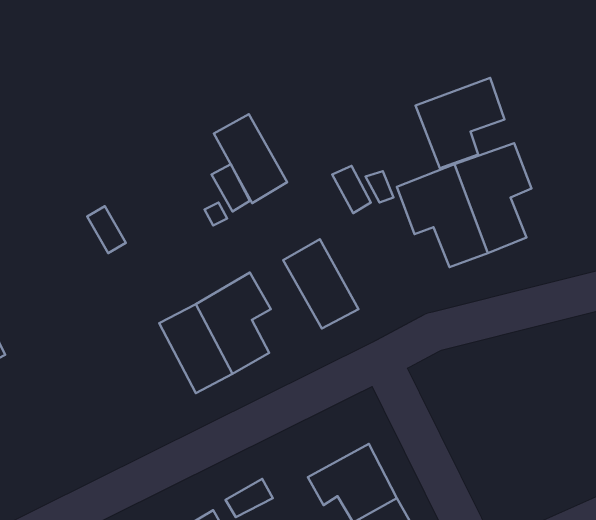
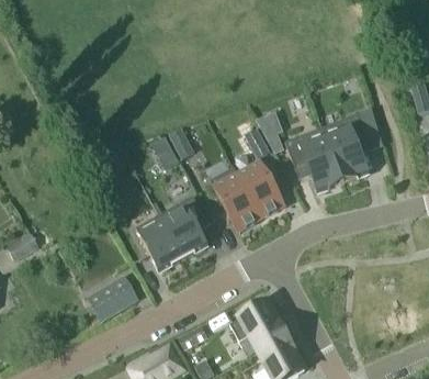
building: [416,78,505,168] -> none
building: [214,114,287,203] -> [238,161,284,218]
building: none -> [89,275,138,320]

